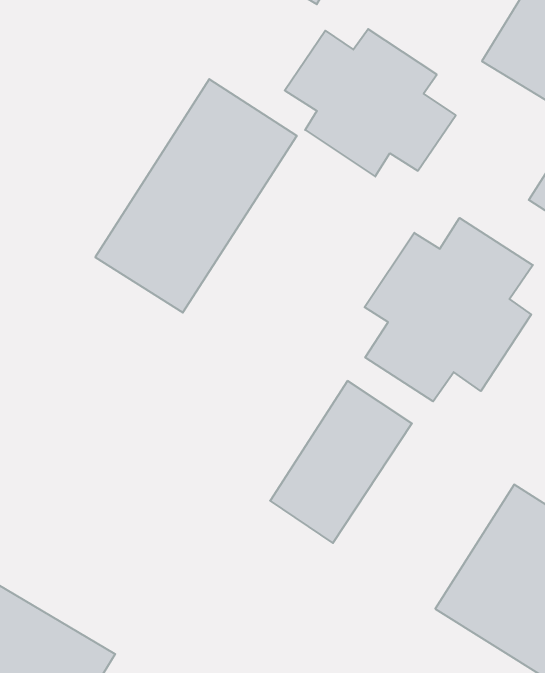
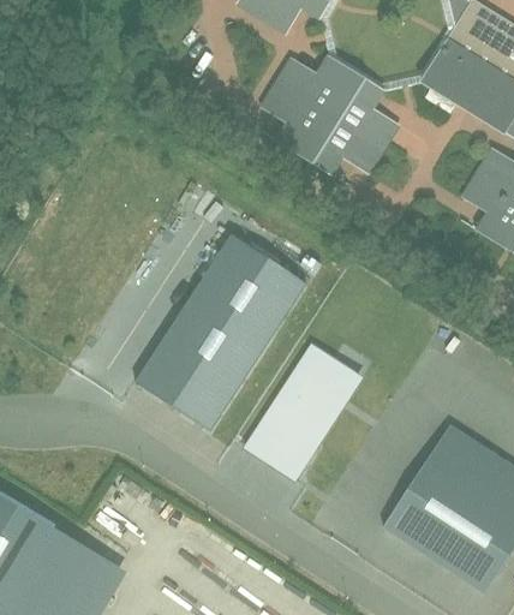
building: [95,79,297,313] -> [138,234,304,426]
building: [365,218,533,401] -> none

